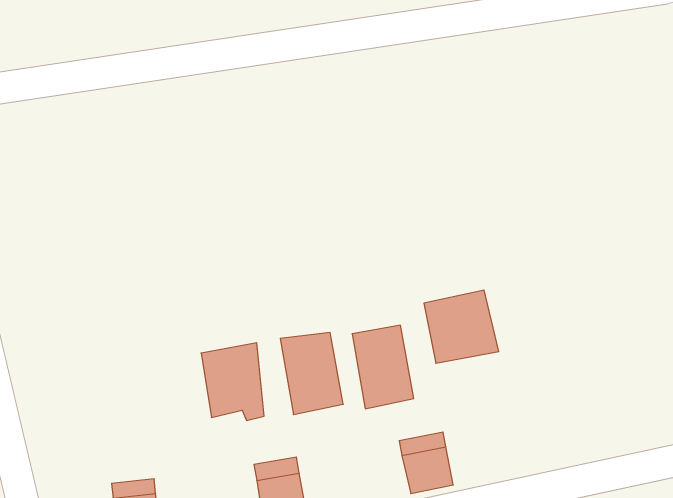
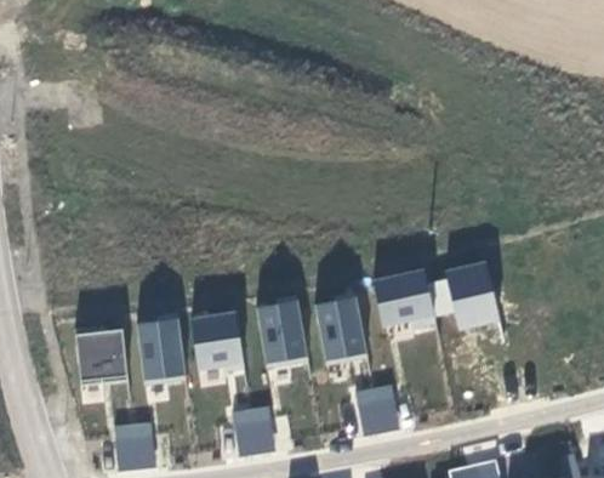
building: none -> [445,260,501,331]
building: none -> [137,320,184,385]
building: none -> [74,329,129,385]

